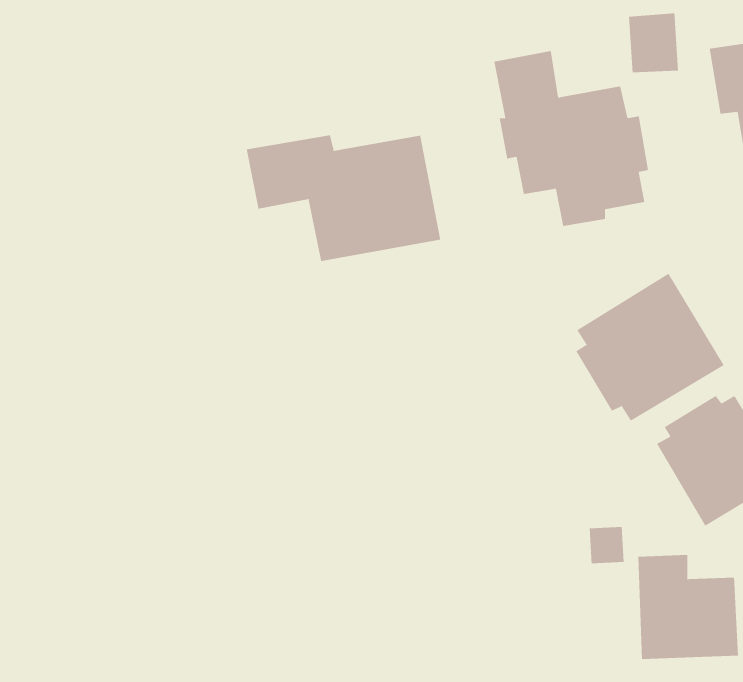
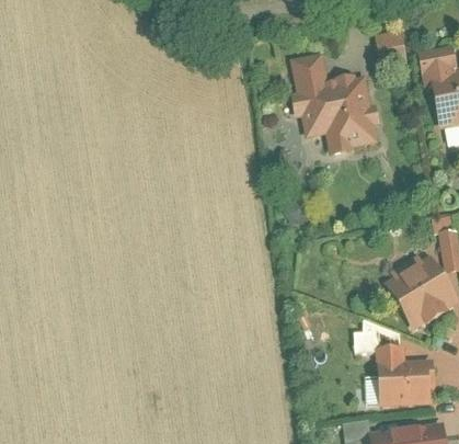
building: [246,134,441,262] -> none
building: [575,273,725,421] -> none

